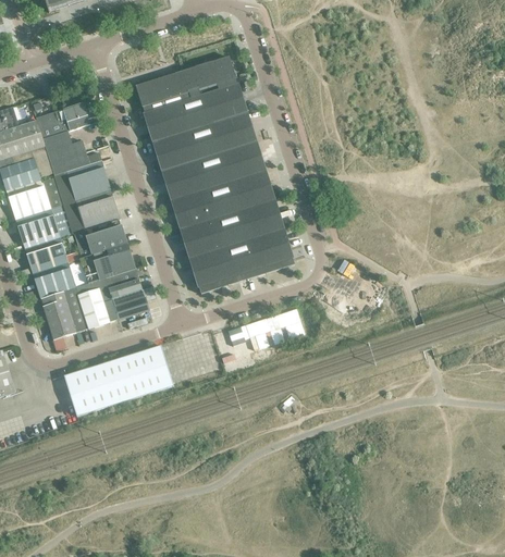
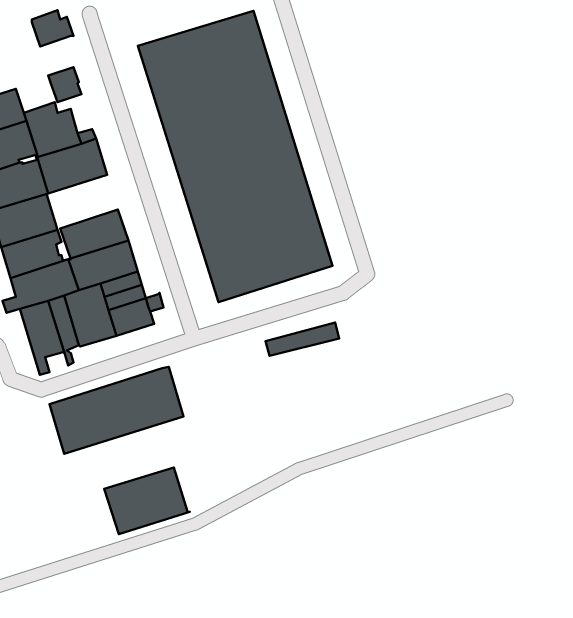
building: [37,110,71,139] -> [32,10,74,46]
building: [63,189,120,234] -> none
building: none -> [104,467,190,534]

